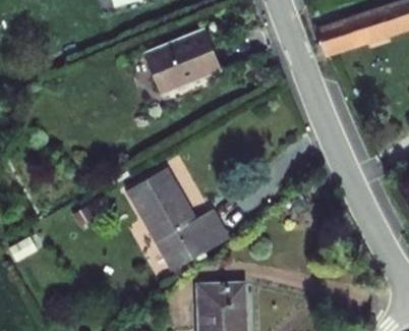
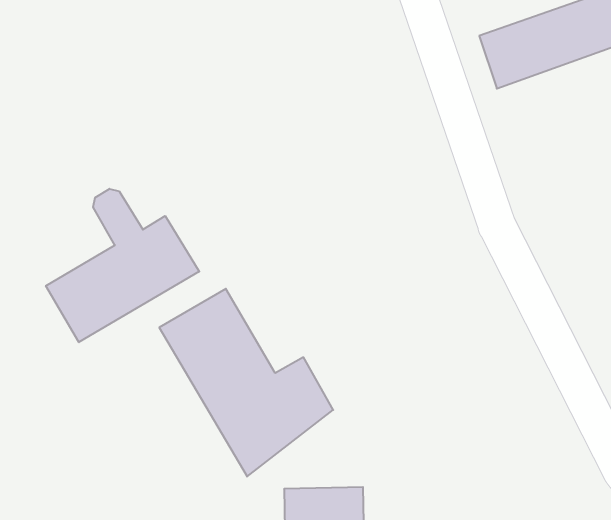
building: [145,30,222,95] -> none
building: none -> [46,189,199,342]

